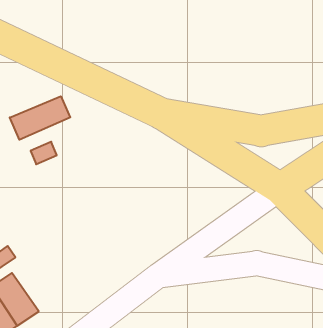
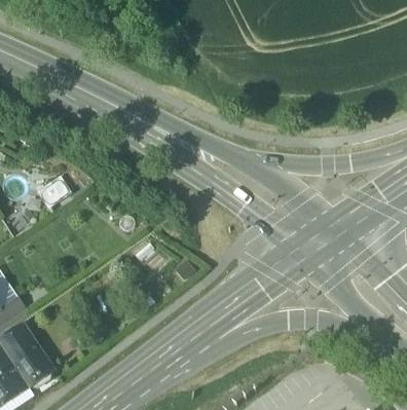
building: [10,96,70,140] -> none

